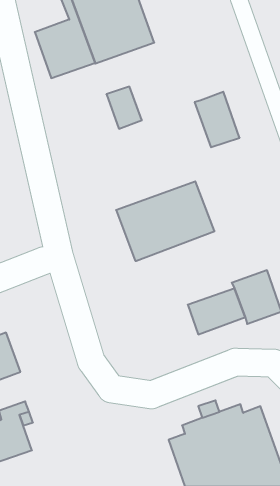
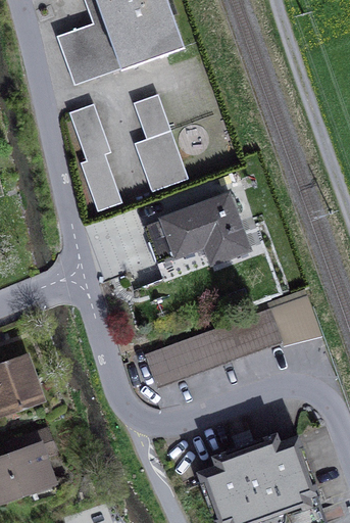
building: [195,92,240,147] -> [140,130,188,189]
building: none -> [68,103,121,210]
building: none -> [146,327,231,385]

